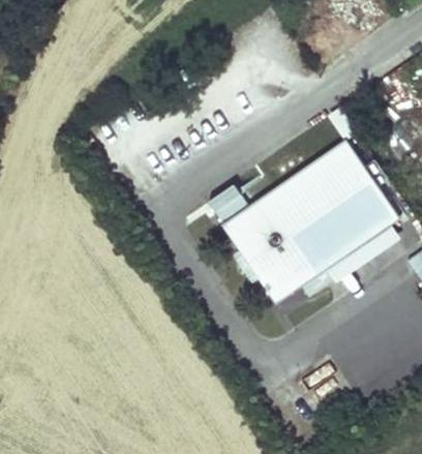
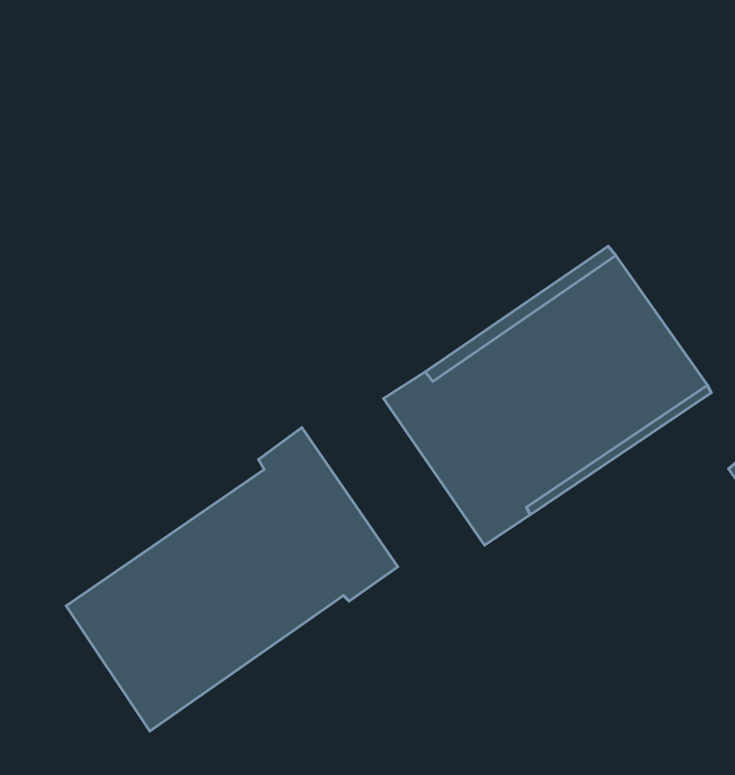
building: none -> [66,428,398,731]

